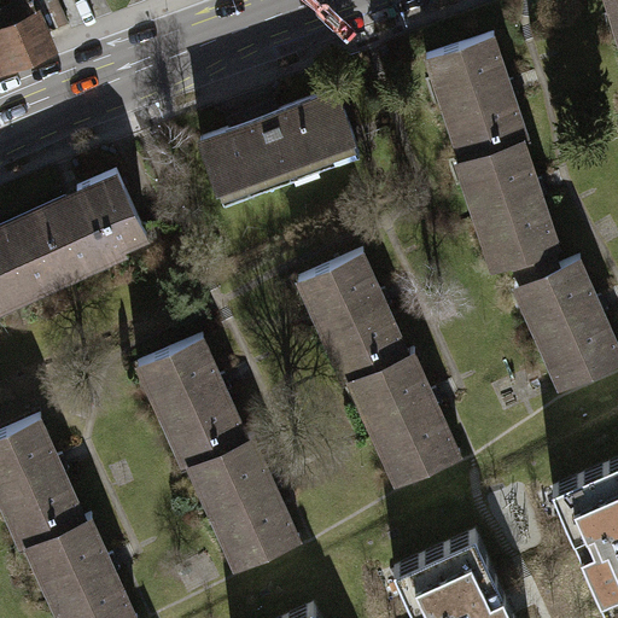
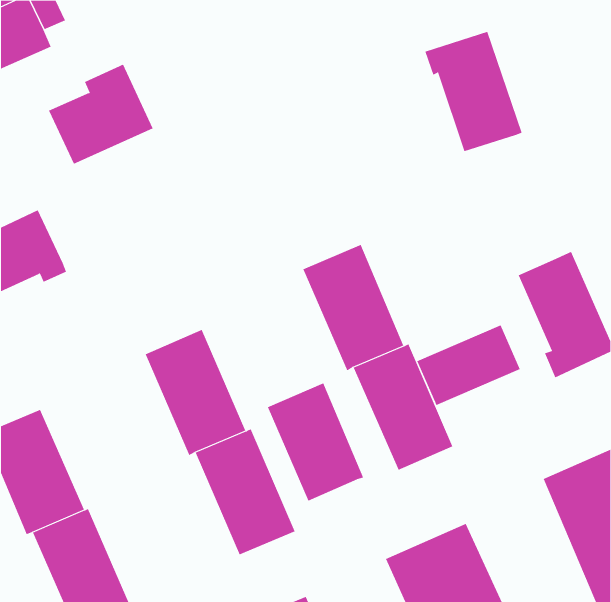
building: [199,95,357,203] -> none
building: [465,146,558,287] -> none
building: [39,174,145,275] -> [48,64,153,164]
building: none -> [416,324,521,406]
building: none -> [267,383,364,501]

